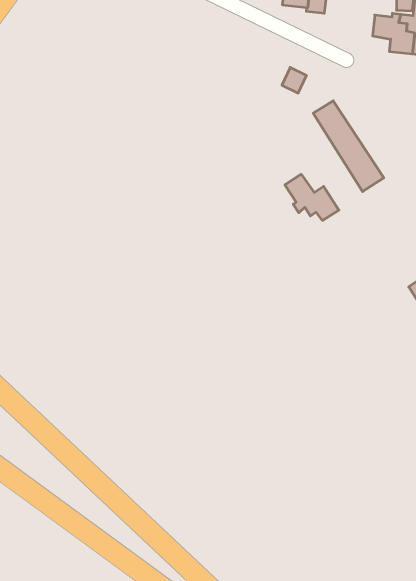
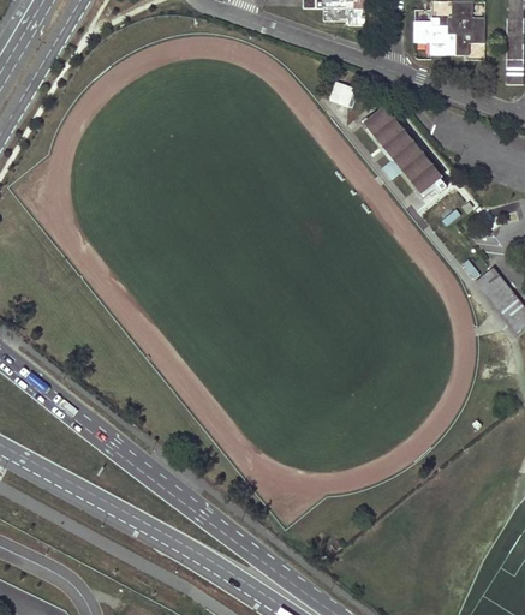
building: [285,174,339,220] -> none

